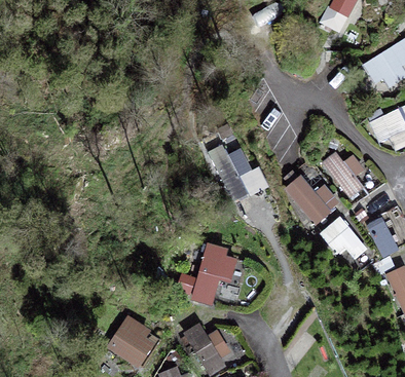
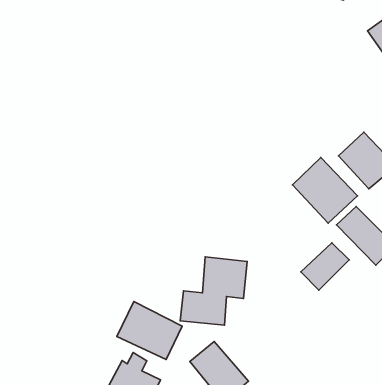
building: [211,143,265,203] -> none
building: none -> [301,243,349,290]
building: none -> [117,301,182,360]

